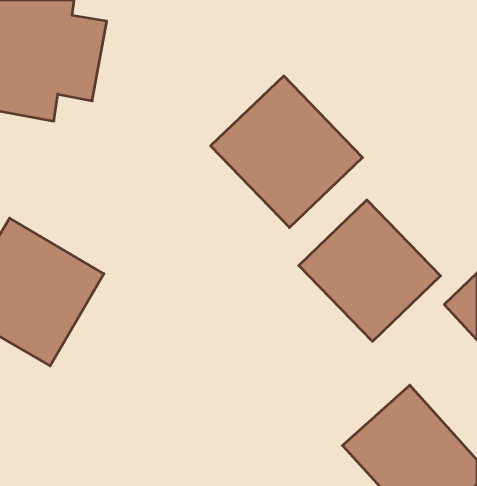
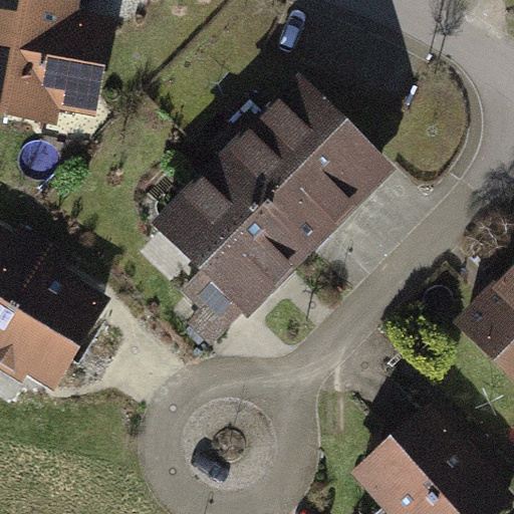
building: none -> [152,158,302,308]
building: [299,200,441,341] -> none

